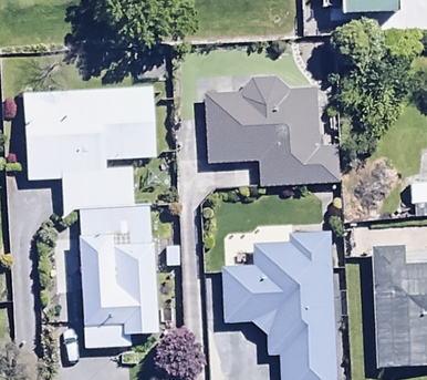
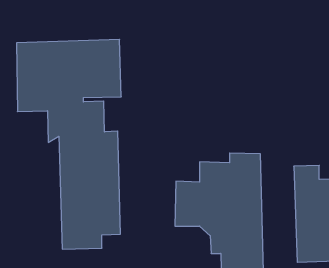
building: [206,75,339,184] -> none

